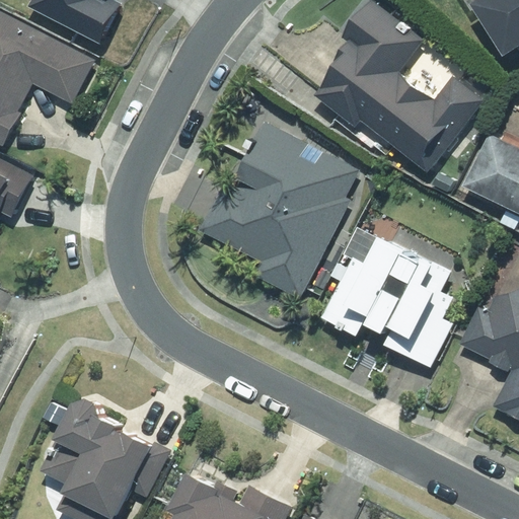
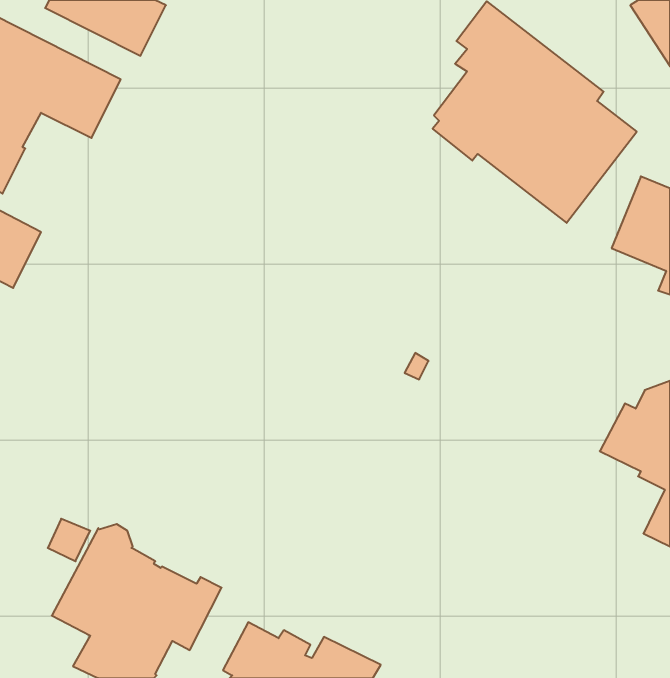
building: [198,121,358,299] -> none
building: [321,239,452,368] -> none

